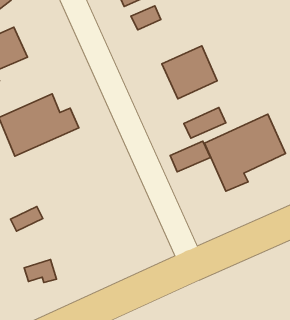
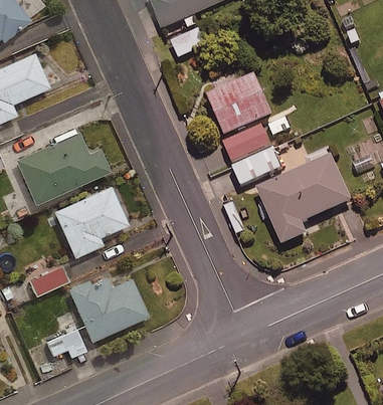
building: none -> [54,187,129,258]
building: [170,141,210,172] -> [225,125,272,161]
building: none -> [67,277,149,343]

